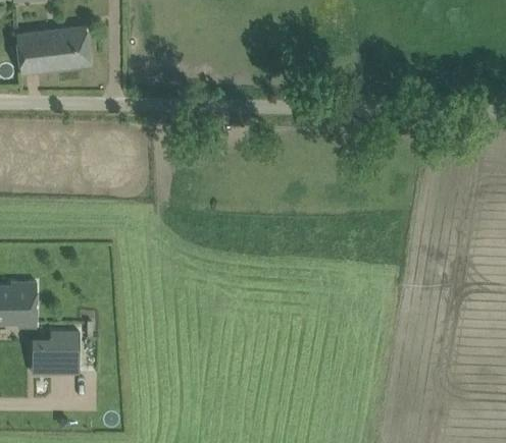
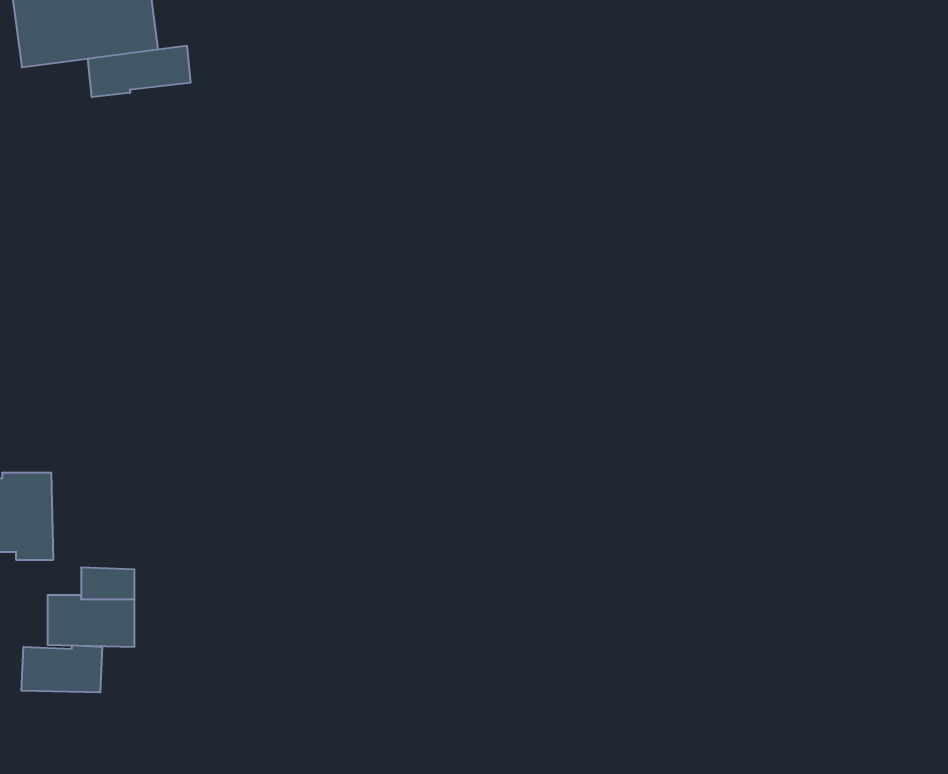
building: none -> [88,46,191,97]
building: none -> [22,645,102,693]

